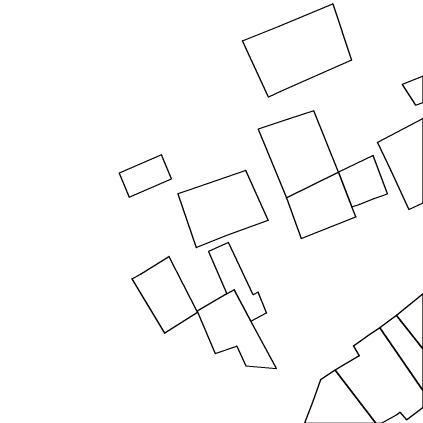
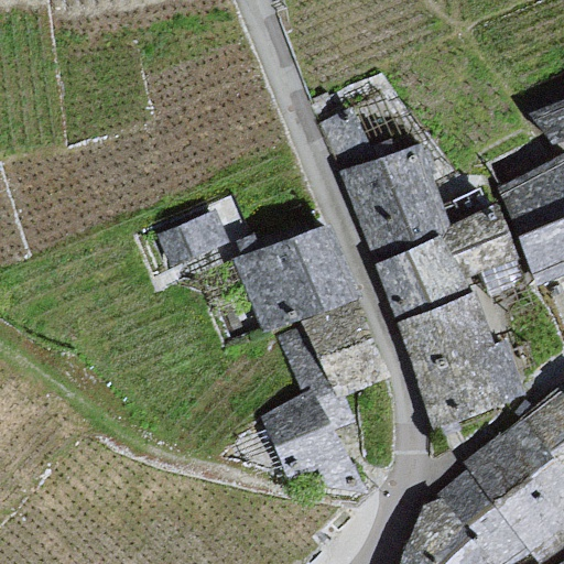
building: [243,4,351,97] -> none
building: none -> [401,289,524,420]
building: none -> [300,293,389,392]
building: [132,256,197,333] -> none

